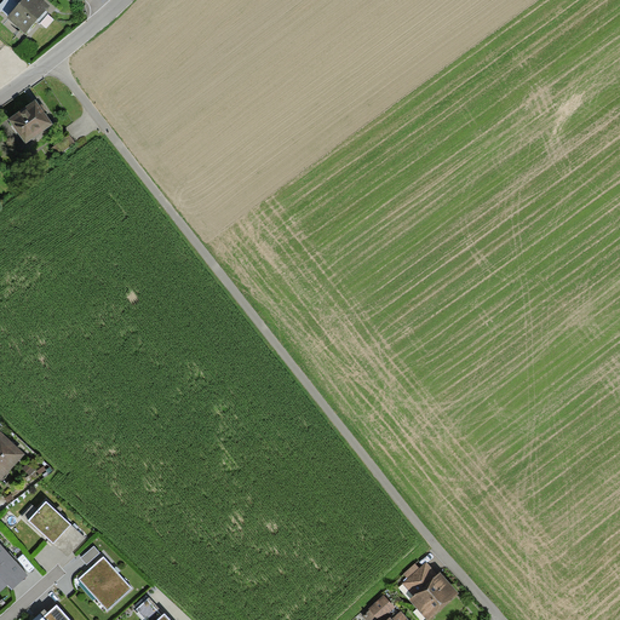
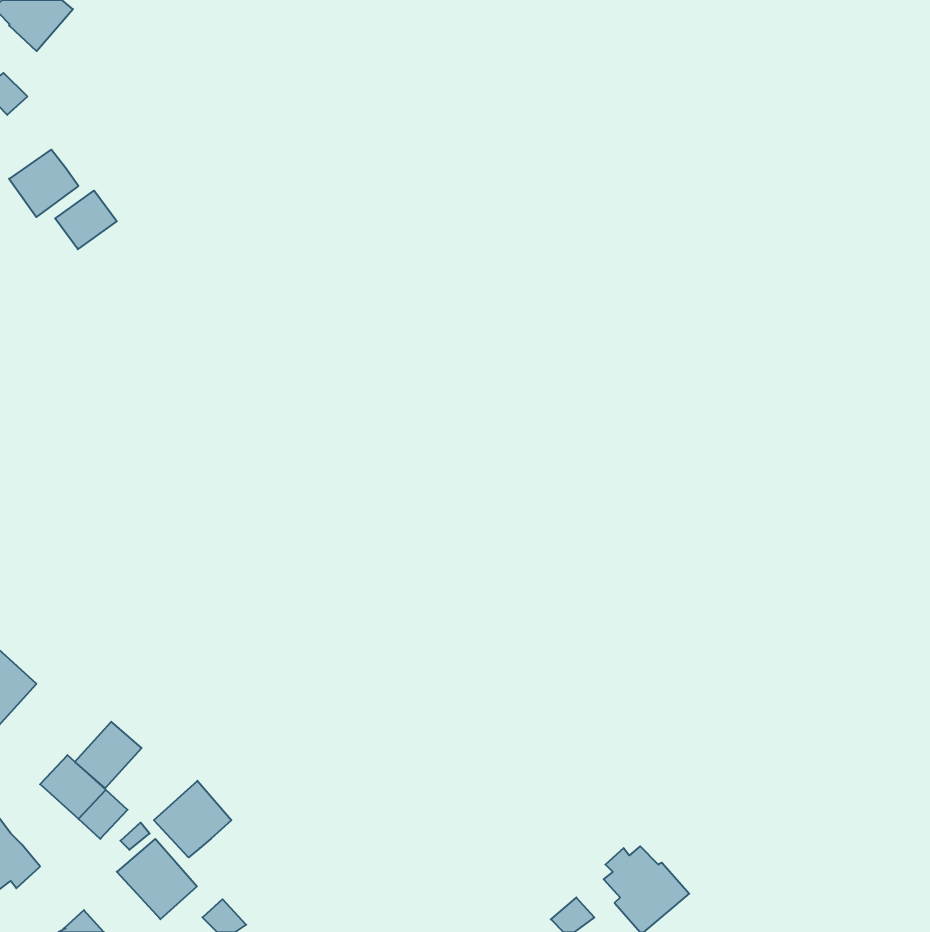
building: none -> [55,191,117,249]
building: none -> [75,722,142,788]
building: none -> [154,781,231,857]

